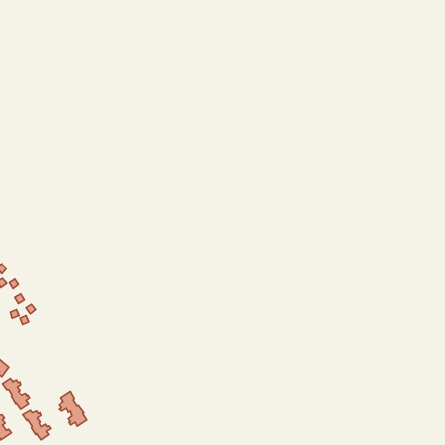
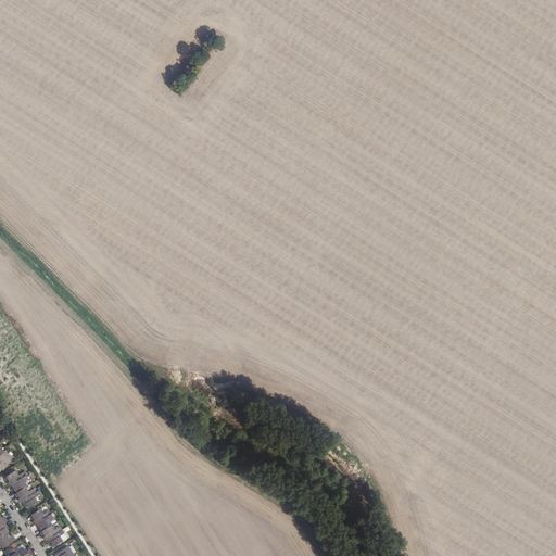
building: [59,392,87,426] -> none

